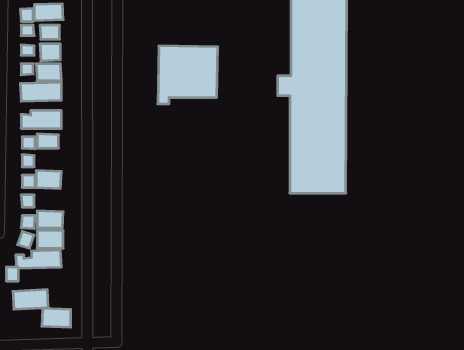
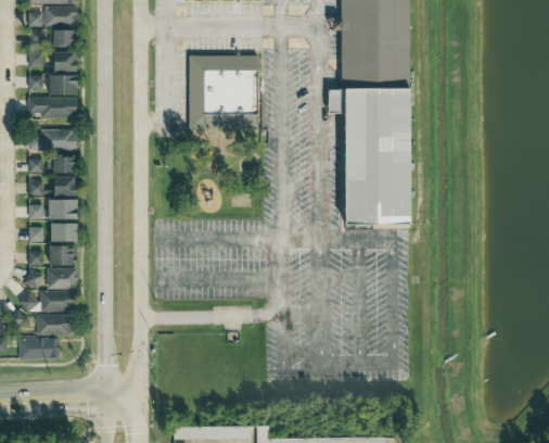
building: none -> [52,176,75,197]
building: none -> [50,224,77,242]
building: [42,308,71,327] -> [39,314,73,336]

